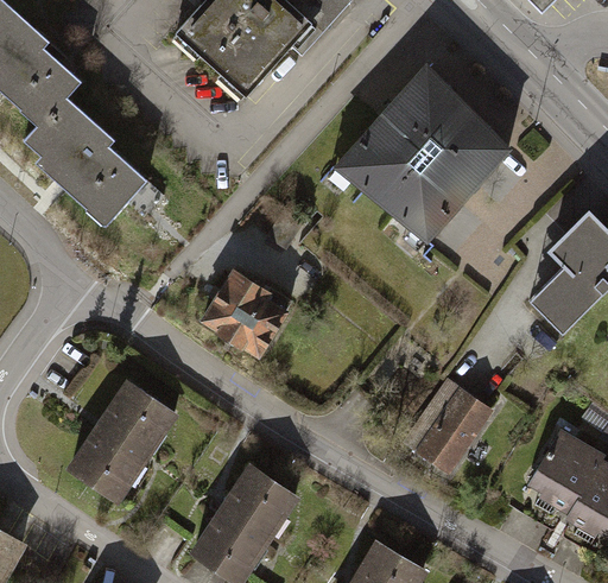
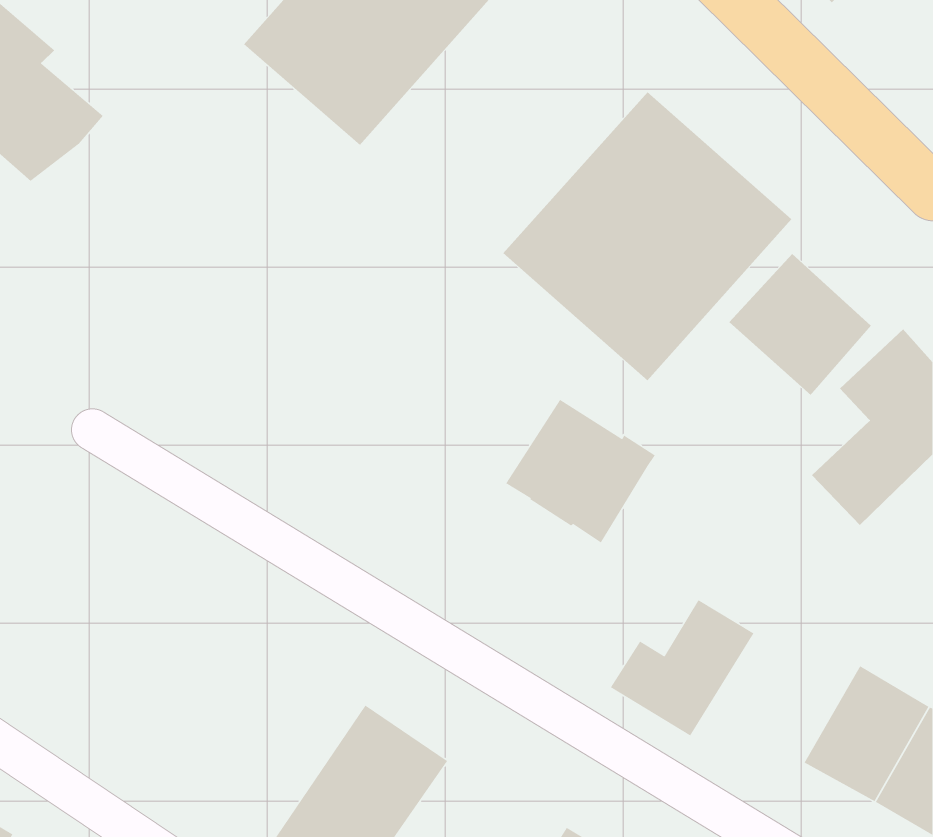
building: [24,102,146,228] -> none
building: none -> [728,253,872,396]
building: [198,261,293,353] -> [505,399,656,544]
building: [64,373,178,498] -> none

